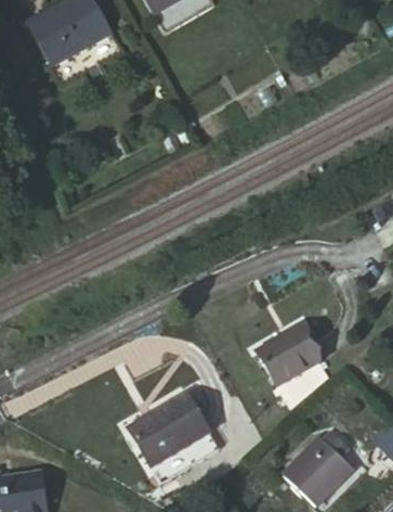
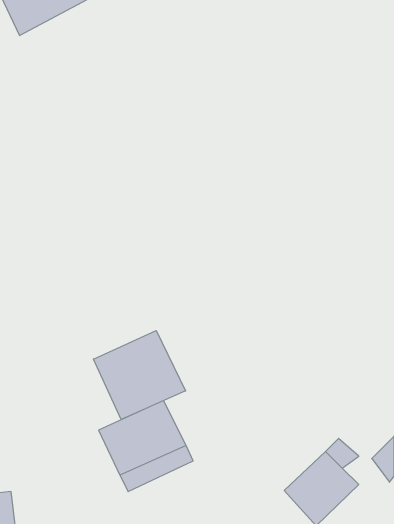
building: none -> [93,331,186,419]
building: [254,331,311,387] -> none

